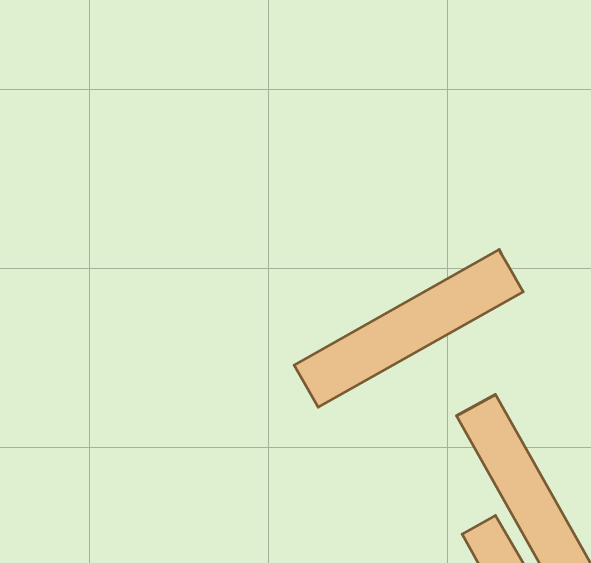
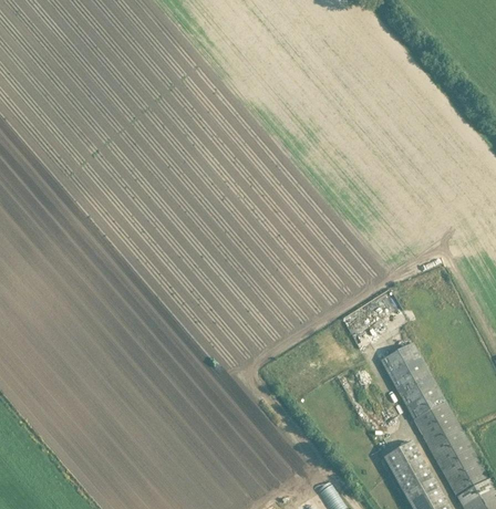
building: [294,250,523,407] -> none

